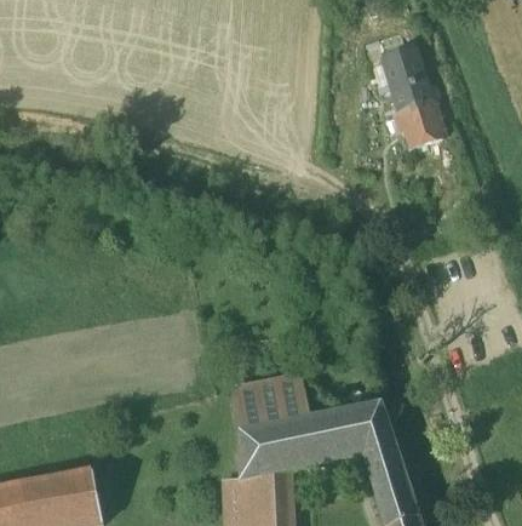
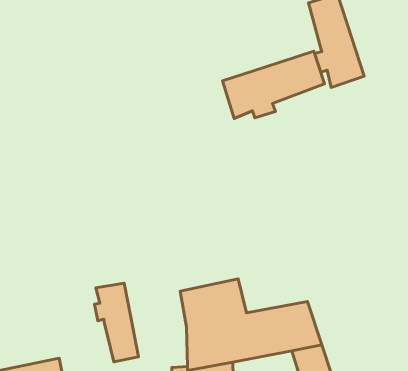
building: none -> [223,51,325,119]
building: none -> [95,283,138,362]

